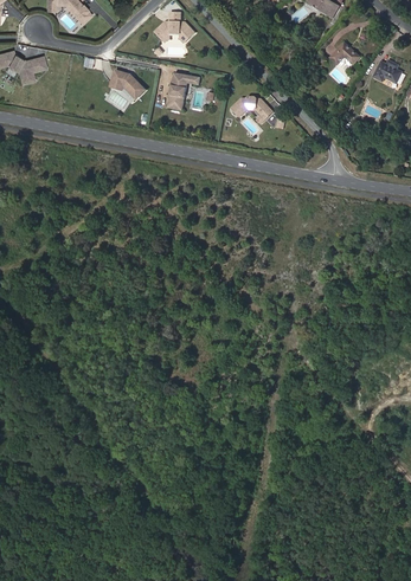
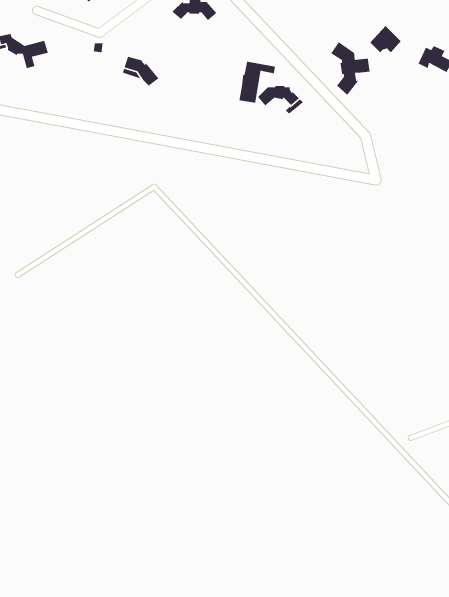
building: none -> [330,41,370,96]
building: [167,72,200,110] -> [239,61,276,103]

